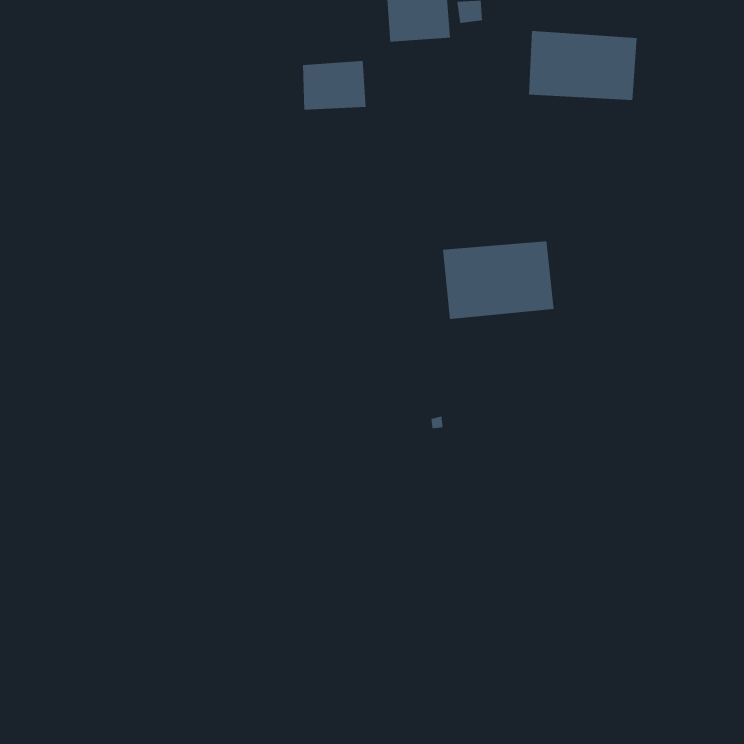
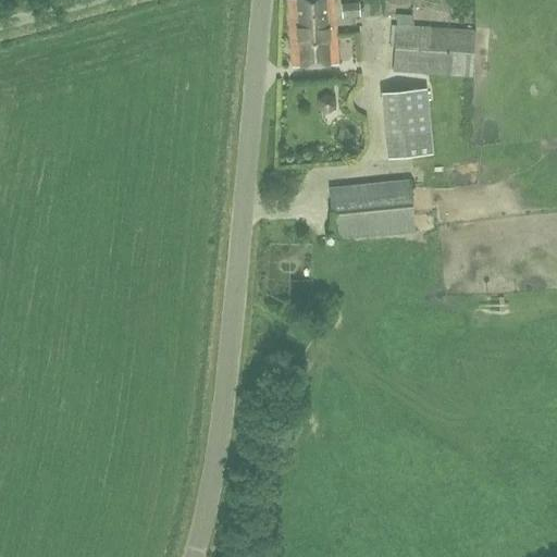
building: [302,61,366,110] -> [292,28,339,65]
building: none -> [381,87,432,157]

